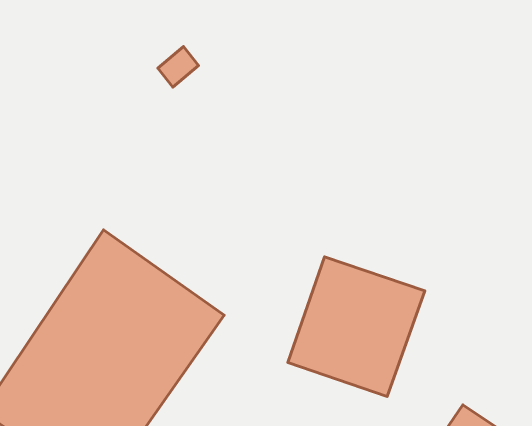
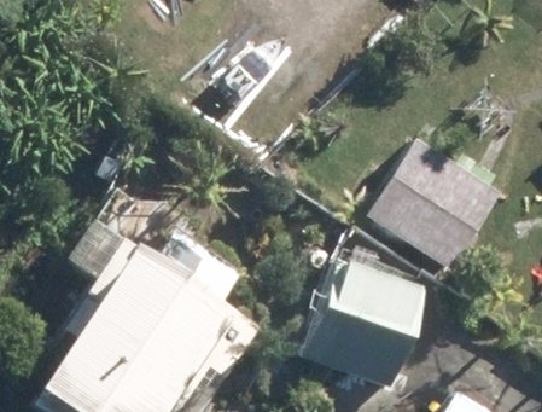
building: none -> [368,137,506,268]

